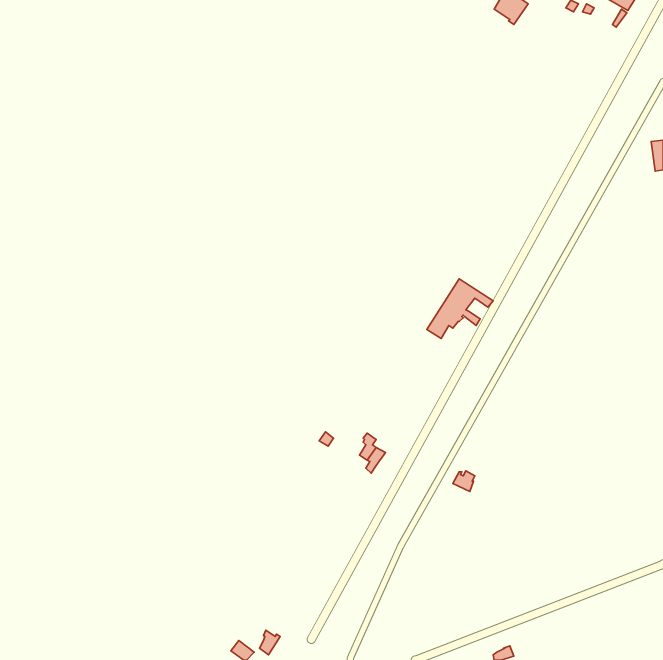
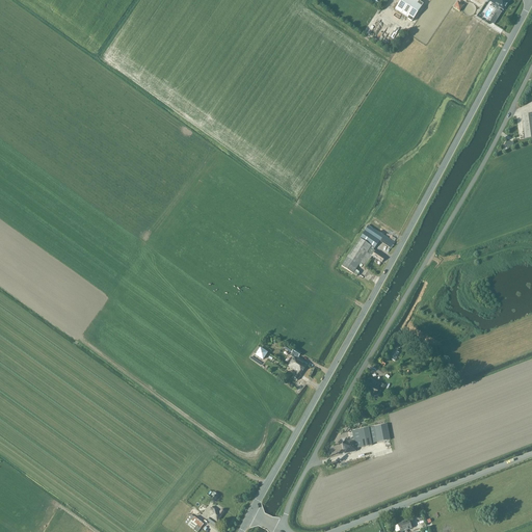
building: none -> [342,423,390,452]

